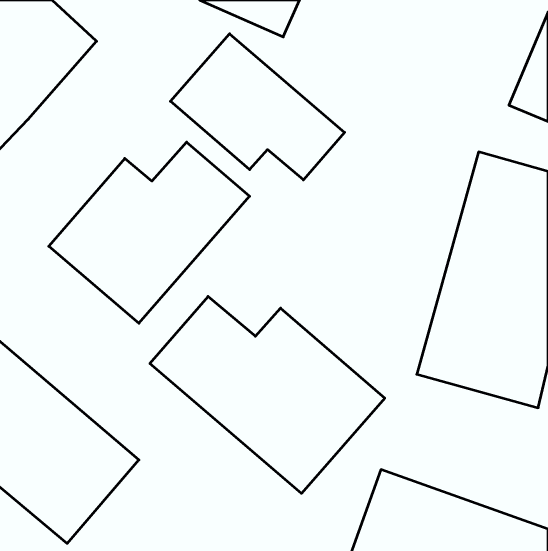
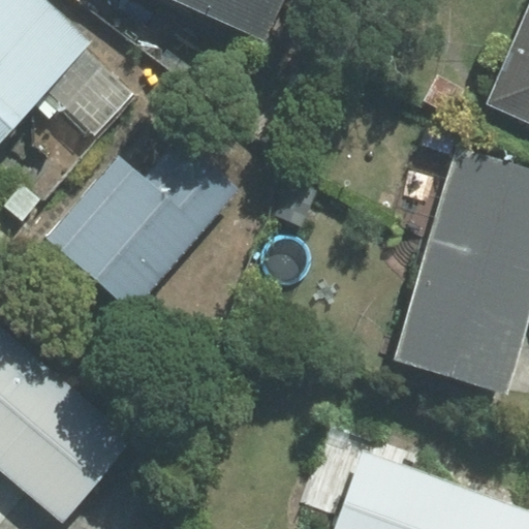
building: [170,34,345,180] -> none
building: [150,296,385,493] -> none

